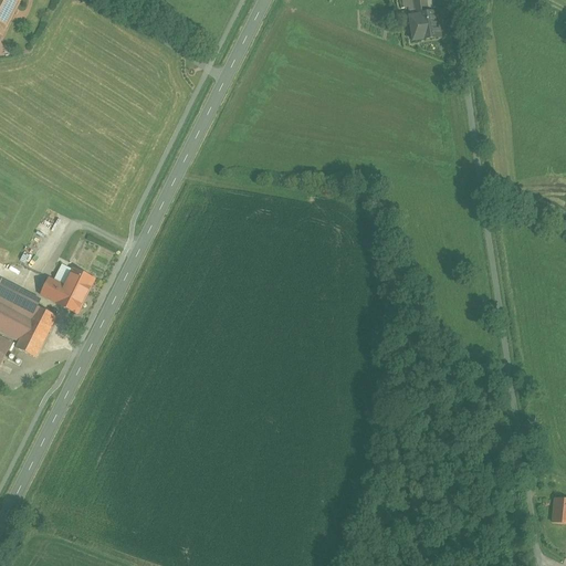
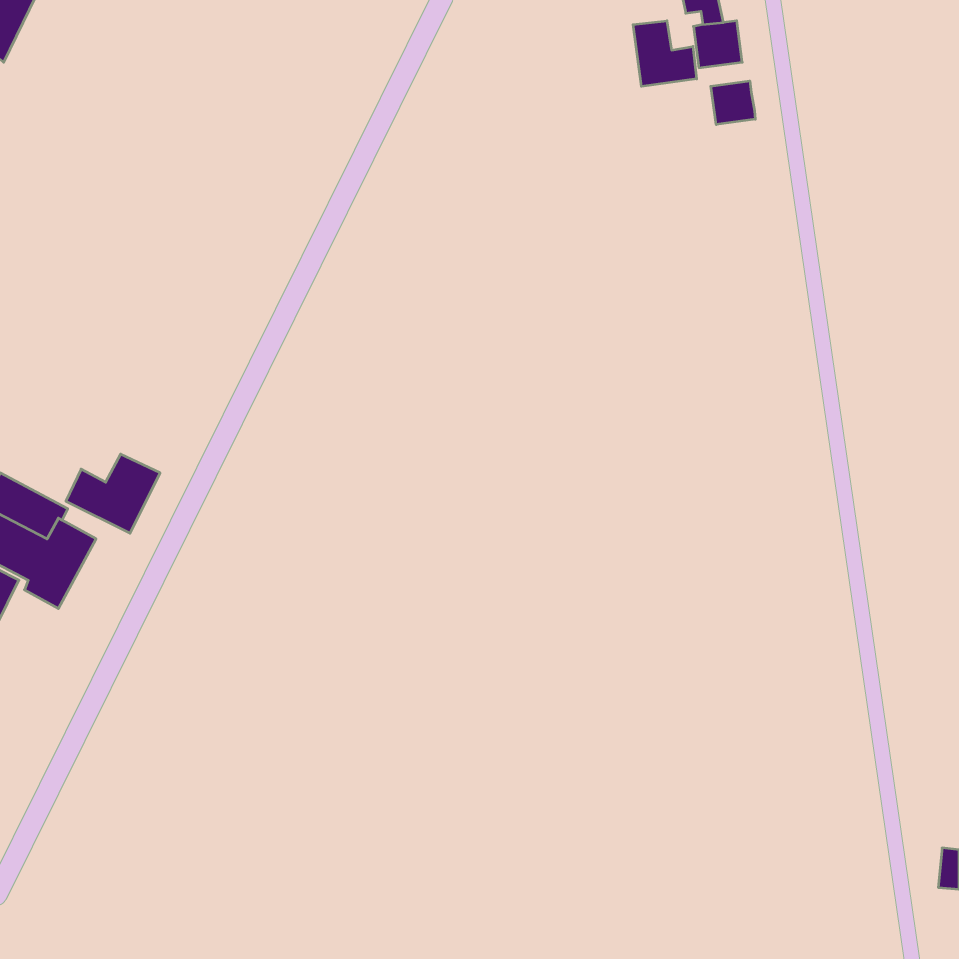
building: none -> [633,21,697,86]
building: none -> [711,81,755,125]

